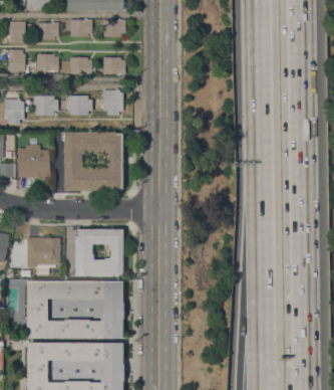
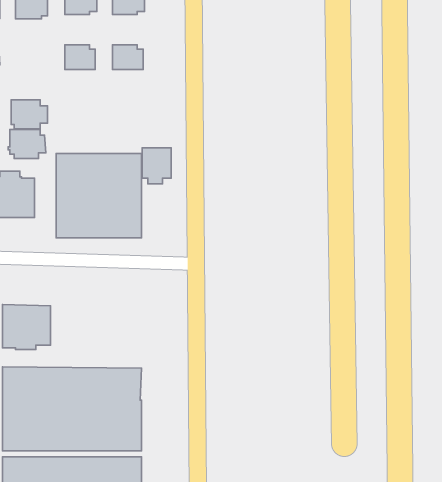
building: [36,54,58,71] -> none
building: [102,90,122,116] -> [142,148,171,184]
building: [66,95,92,116] -> [8,129,46,158]
building: [75,229,124,277] -> none

